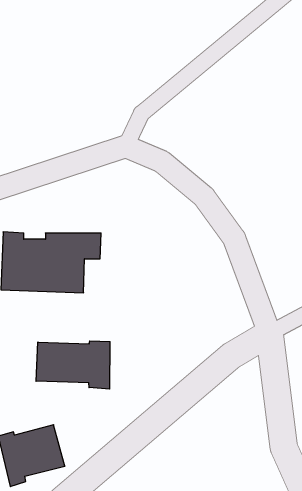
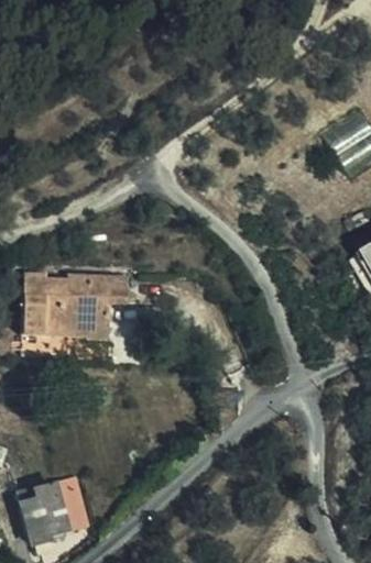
building: [36,341,110,389] -> none

